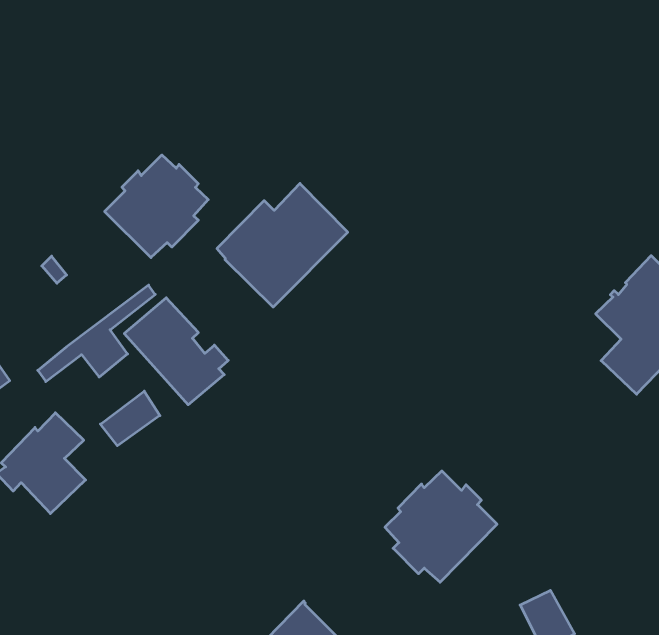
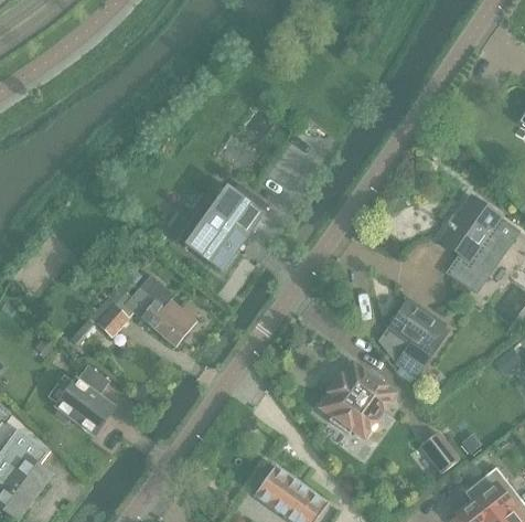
building: [105,155,208,258] -> none
building: [100,391,160,446] -> none
building: none -> [378,298,444,376]

